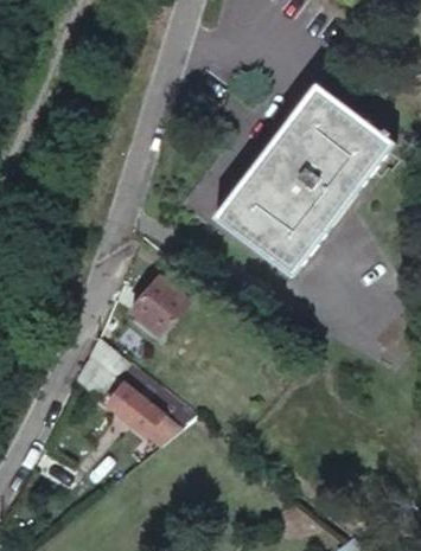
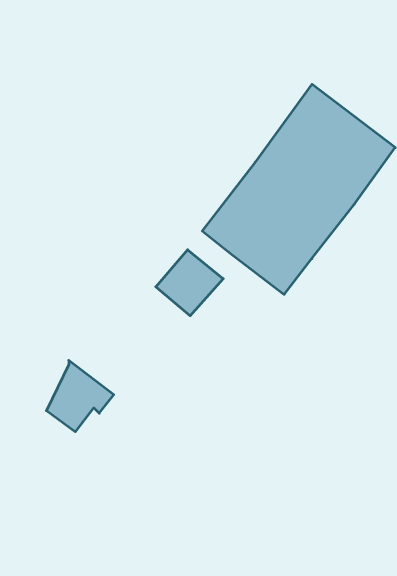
building: [128,274,189,333] -> [156,250,223,316]
building: [106,366,197,446] -> none

